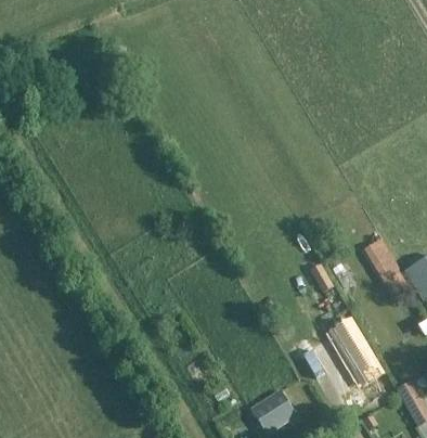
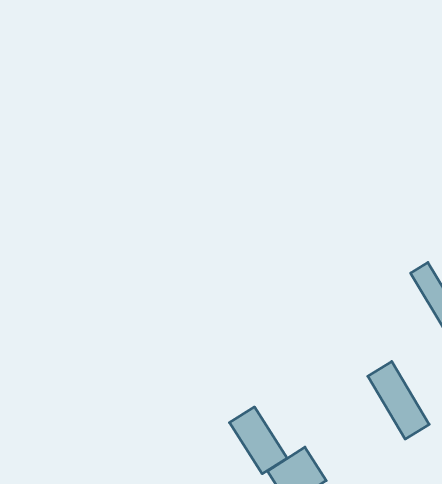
building: none -> [229,407,287,474]

